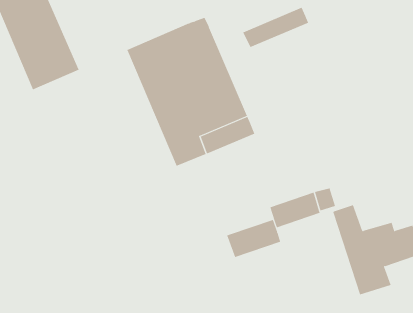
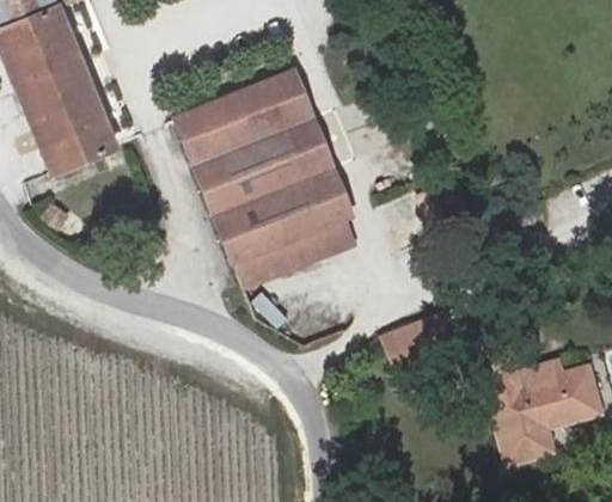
building: [243,7,309,48] -> none
building: [226,219,281,258] -> none

